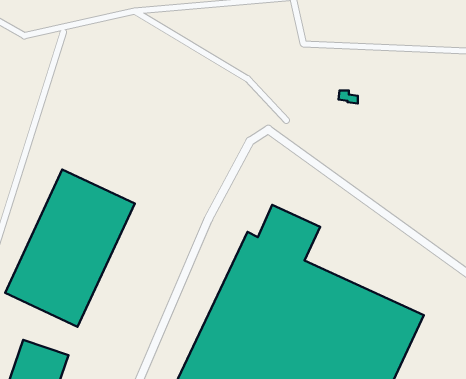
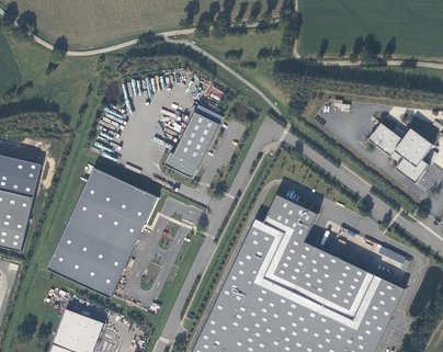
building: none -> [164,104,223,178]
building: none -> [368,122,434,181]

